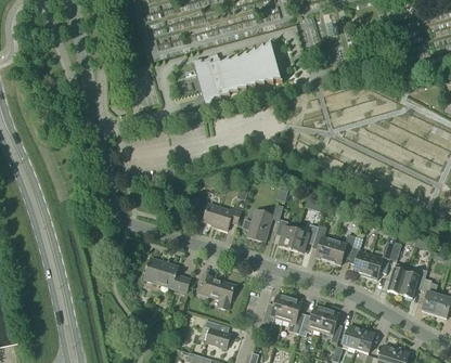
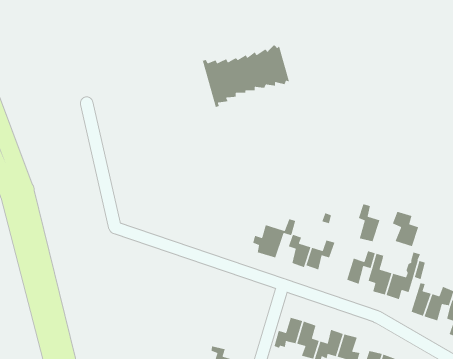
building: none -> [392,211,419,247]
building: [203,203,242,230] -> none
building: [314,224,335,260] -> [358,203,380,242]
building: [144,257,191,291] -> none
building: [197,273,235,308] -> none

